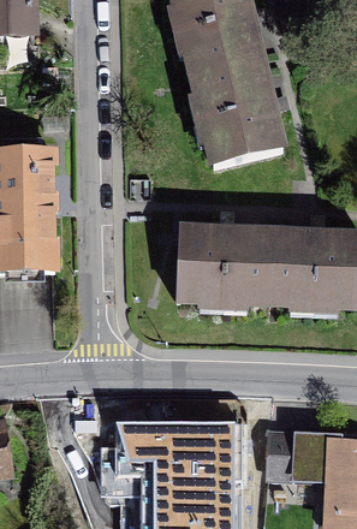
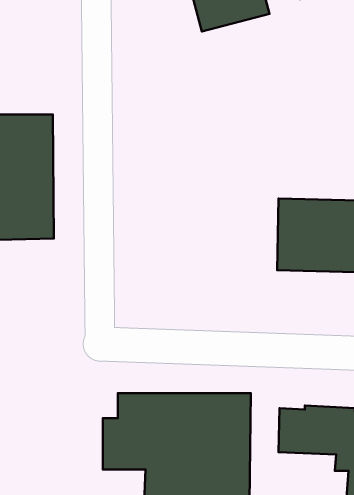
building: [196,58,284,160] -> none
building: [183,232,269,303] -> none

